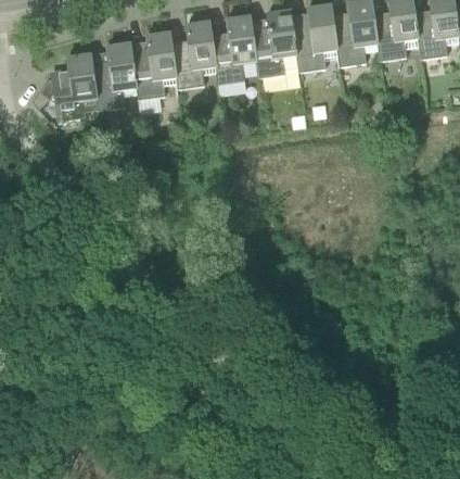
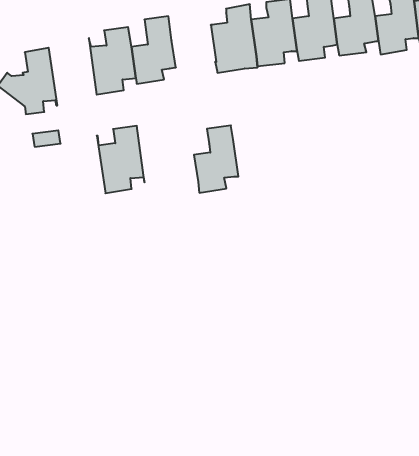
building: [213,15,257,83] -> [194,125,238,193]
building: [90,42,138,110] -> [97,126,145,193]

